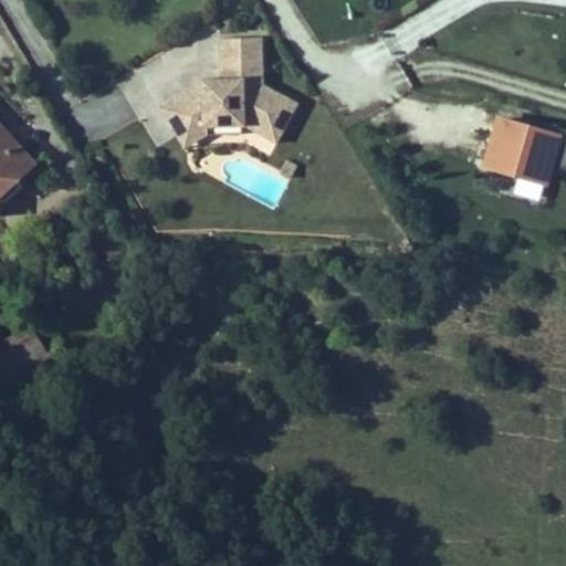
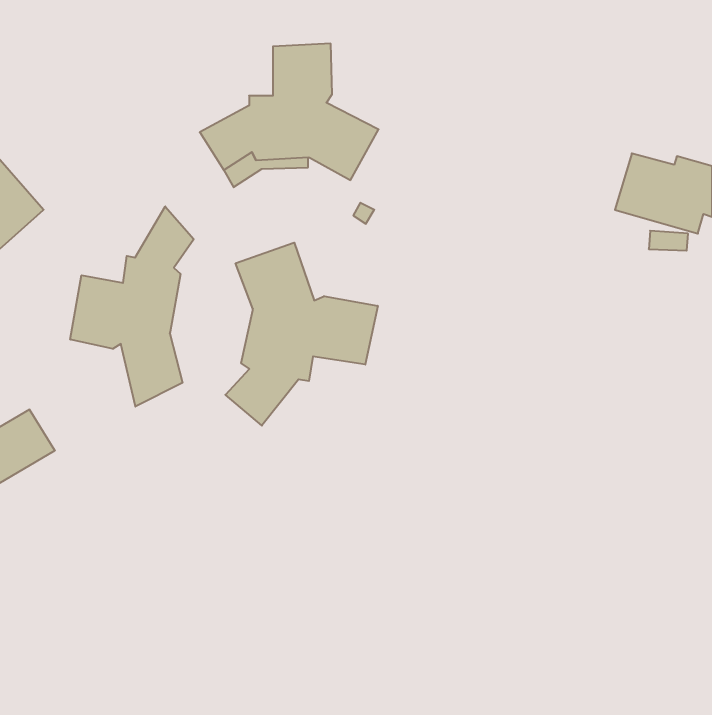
building: none -> [70,206,194,407]
building: none -> [225,243,378,426]

